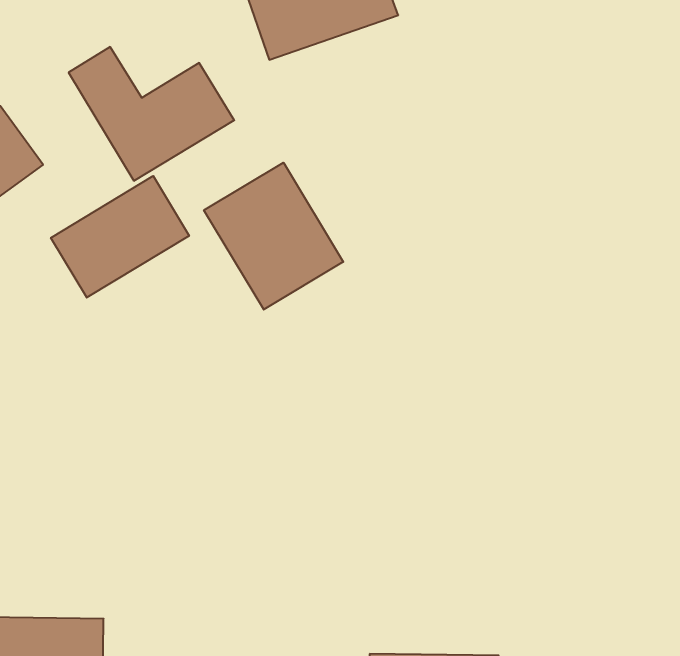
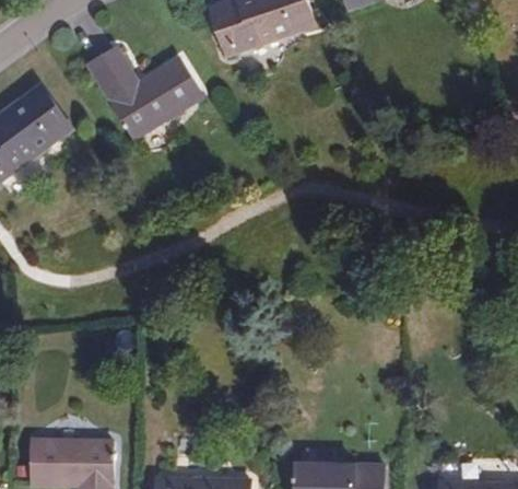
building: [204,163,343,310] -> none
building: [51,176,189,298] -> none

